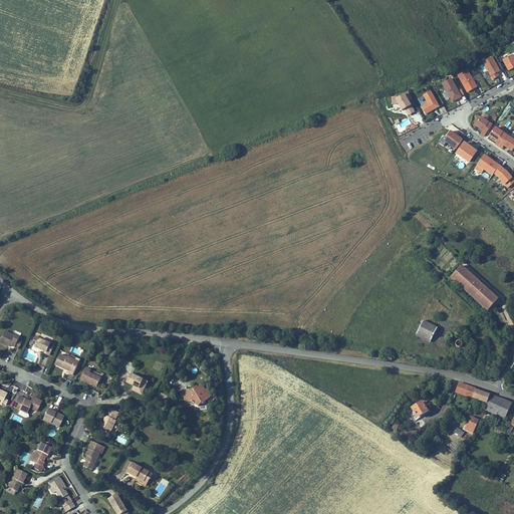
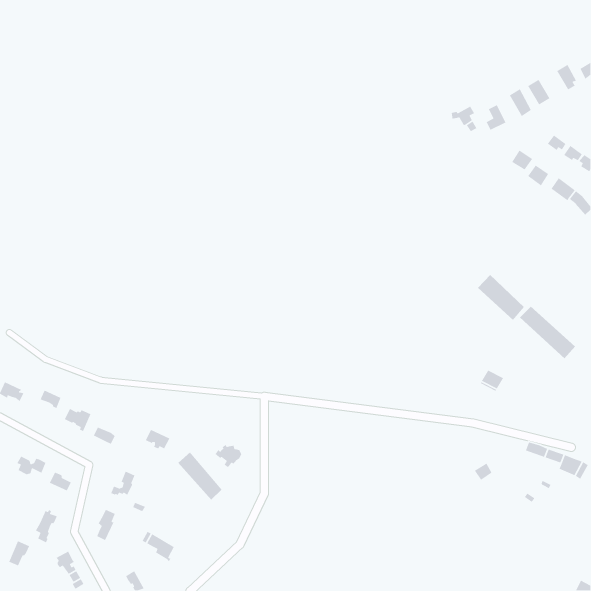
building: none -> [477,274,525,321]
building: none -> [177,452,223,501]

